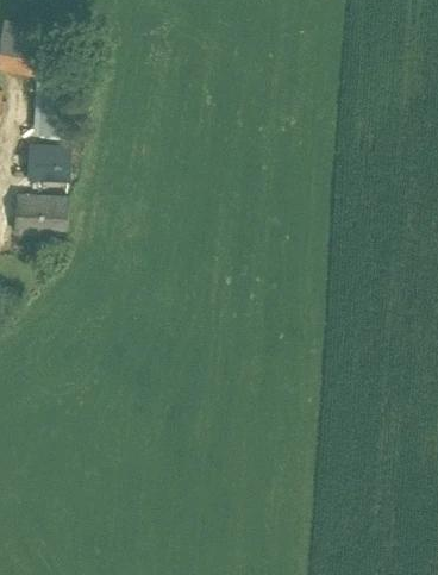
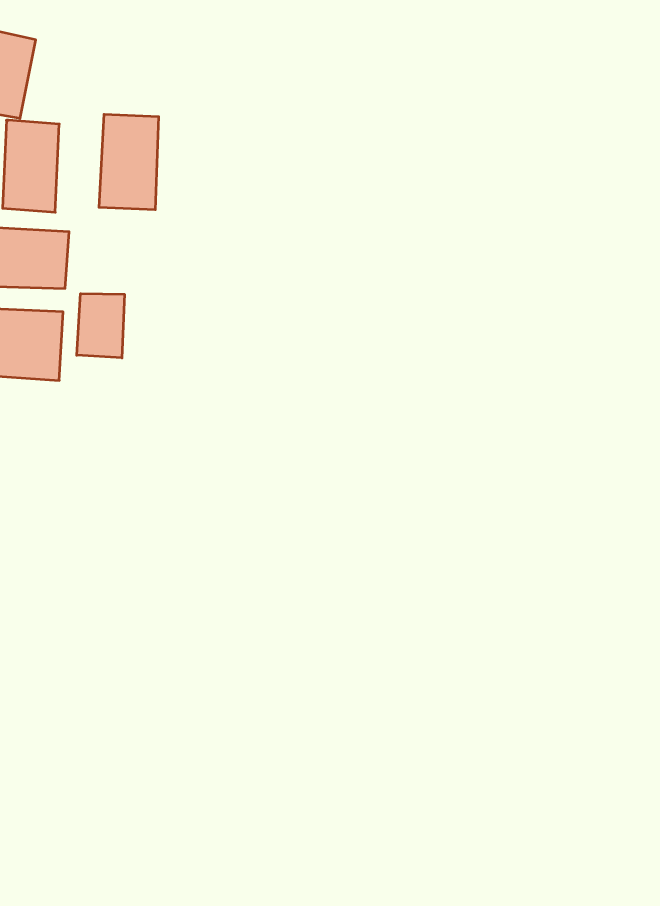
building: none -> [99,114,159,210]
building: none -> [77,294,124,358]

